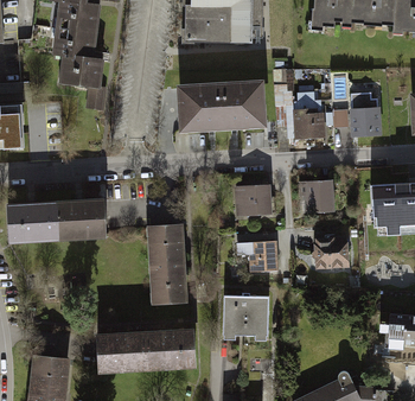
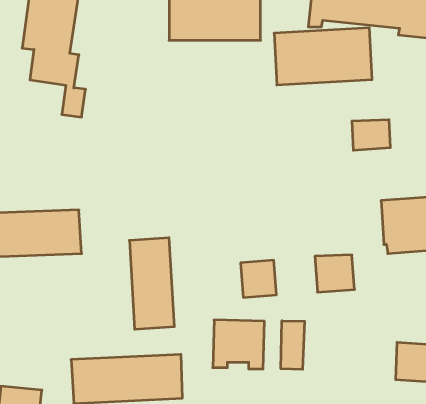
building: [177,77,264,128] -> [274,28,372,85]
building: [294,116,326,144] -> none
building: [299,182,334,214] -> none
building: [232,184,272,216] -> none
building: none -> [281,321,305,369]

